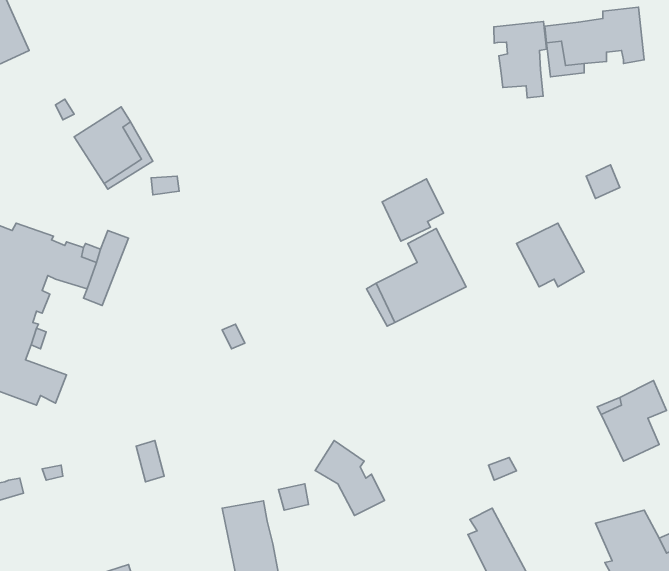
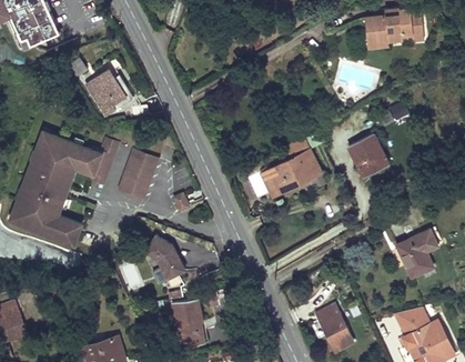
building: [494,22,546,98] -> none
building: [382,179,444,241] -> none
building: none -> [120,149,159,197]
building: [315,441,385,516] -> [145,235,186,280]

